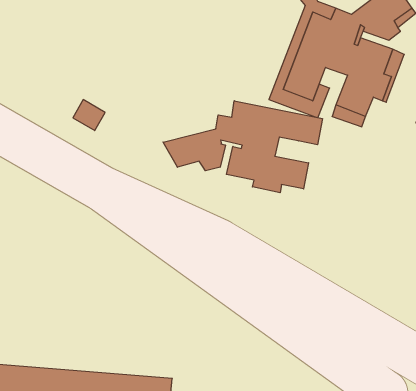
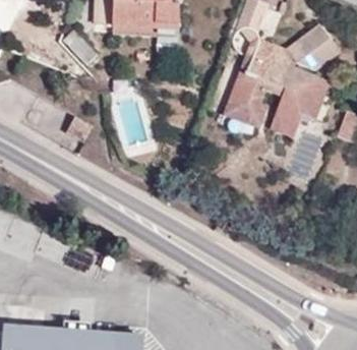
building: [163,101,322,193] -> none

